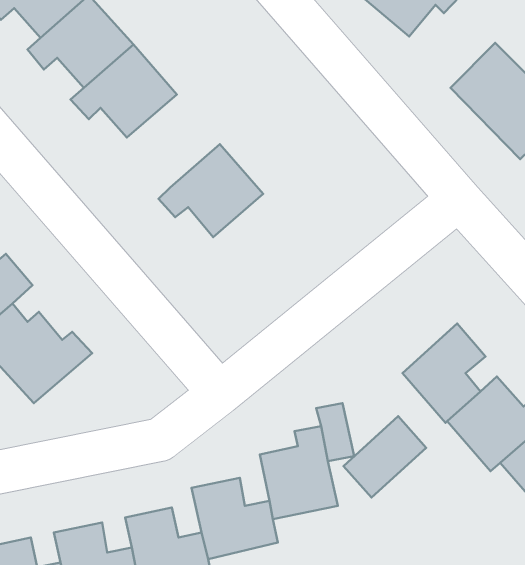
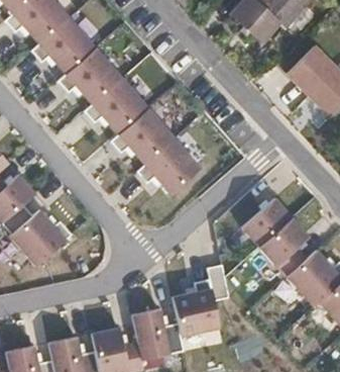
building: none -> [85,77,148,133]
building: none -> [137,137,202,194]
building: [343,416,426,498] -> [242,197,293,247]

